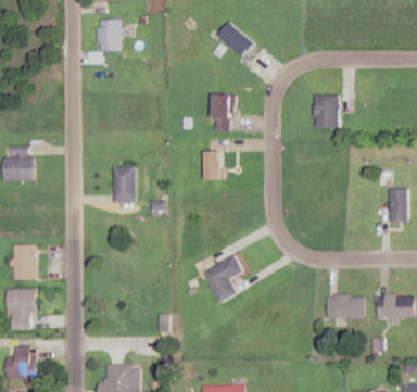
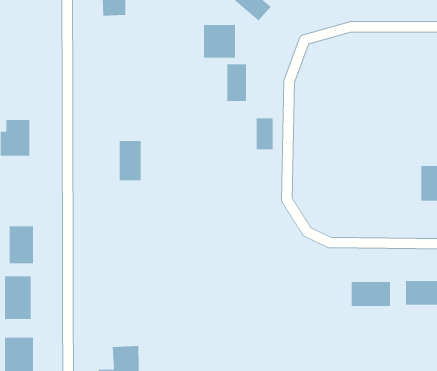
building: none -> [203,24,236,58]
building: [316,96,338,127] -> none
building: [206,150,223,179] -> [256,118,273,150]
building: [204,256,243,303] -> none

